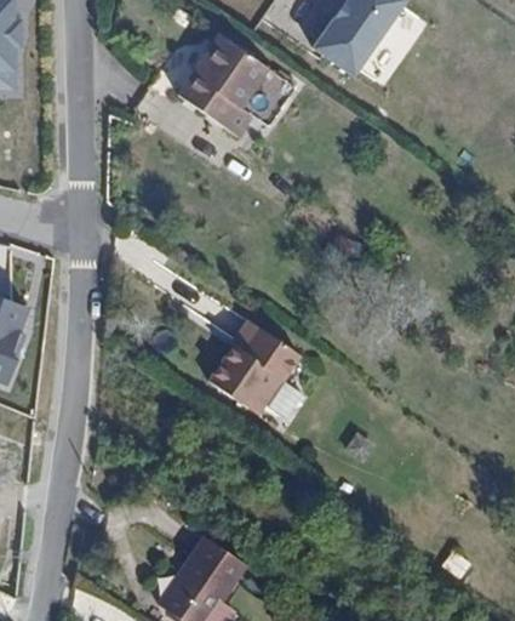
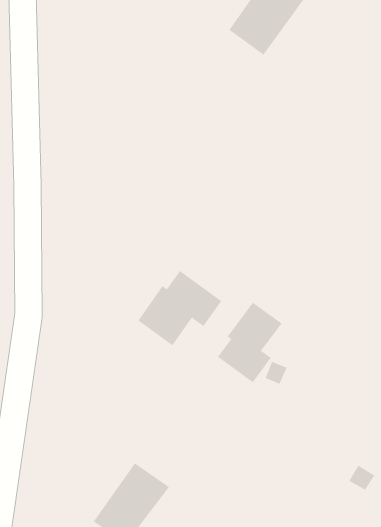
building: [172,32,294,137] -> none
building: none -> [217,302,282,383]

